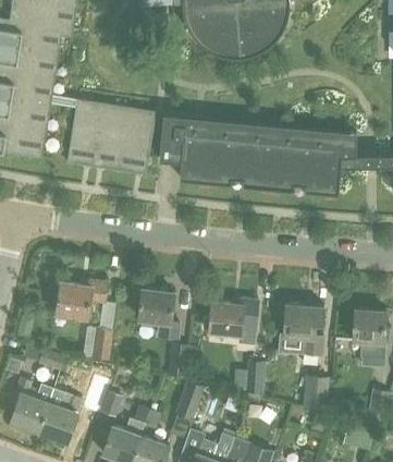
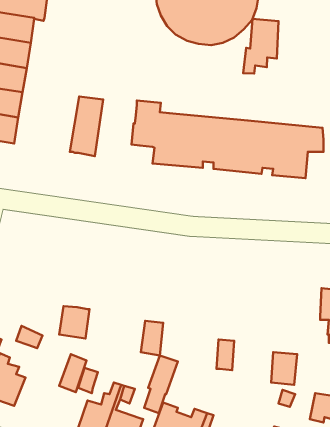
building: none -> [243,19,279,73]
building: [67,104,103,166] -> none
building: [120,111,156,174] -> none
building: [56,279,108,317] -> none
building: [138,287,179,338] -> none
building: [209,297,258,342] -> none
building: [279,303,324,353] -> none
building: [36,391,83,440] -> none

